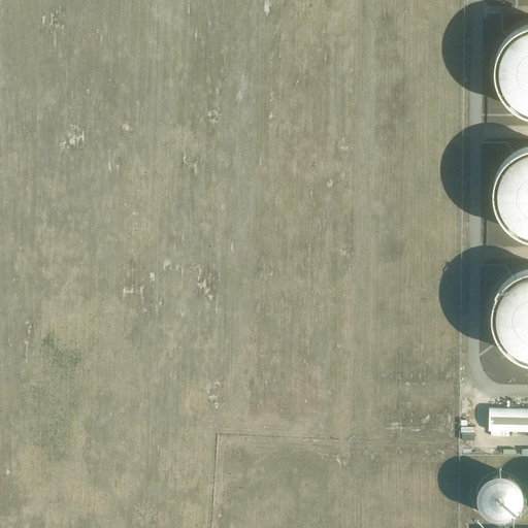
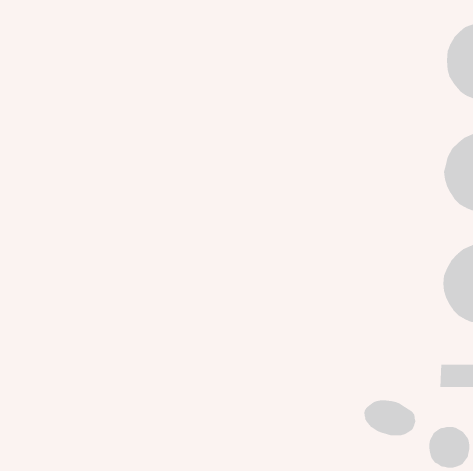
building: none -> [364,399,416,436]

